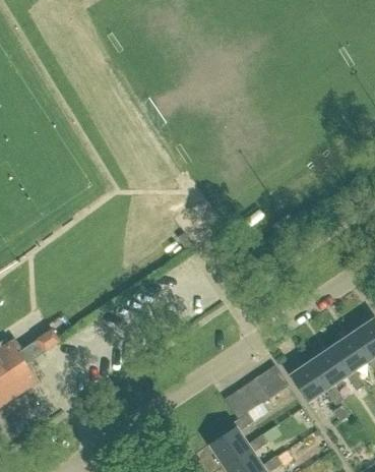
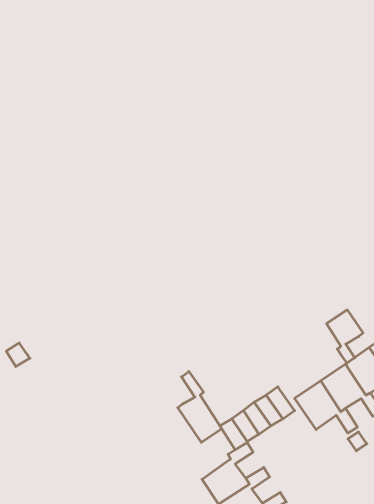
building: none -> [327,310,363,363]
building: none -> [178,371,222,442]

